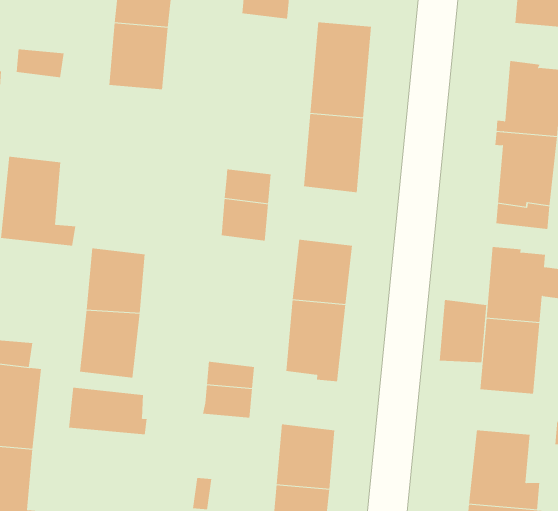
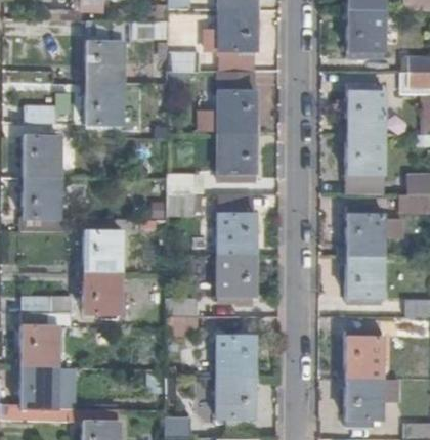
building: none -> [25,137,60,178]
building: [439,299,487,363] -> none
building: [68,387,147,435] -> none

